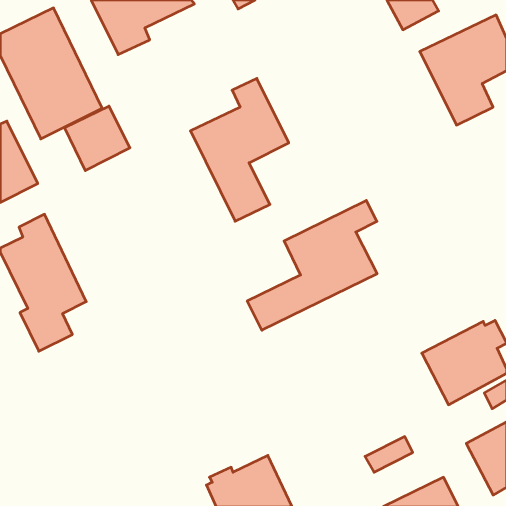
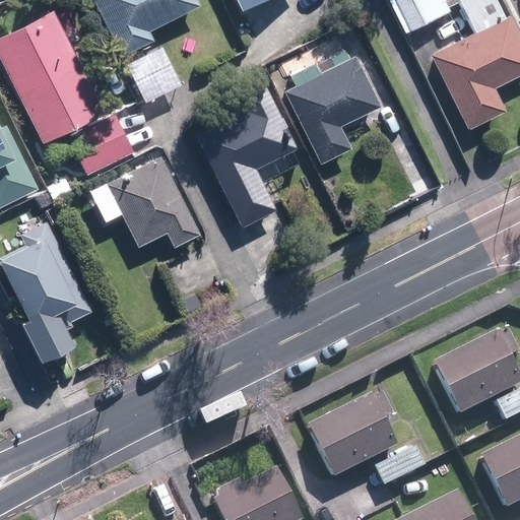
building: none -> [284,55,381,164]
building: none -> [107,155,200,247]
building: [247,200,377,330] -> none
building: none -> [306,393,396,478]

